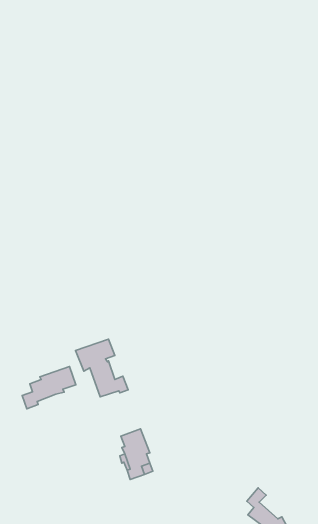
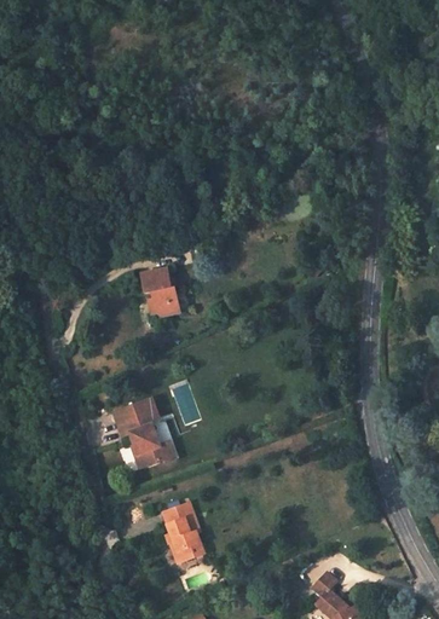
building: none -> [143,268,180,316]
building: [22,367,76,409] -> none

